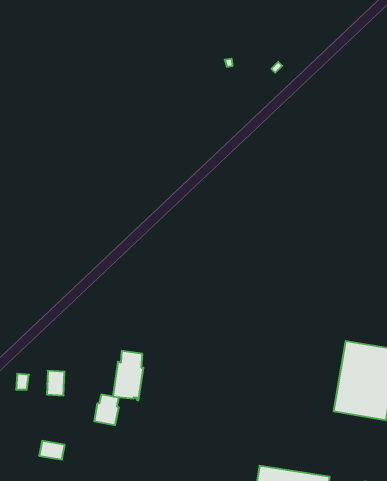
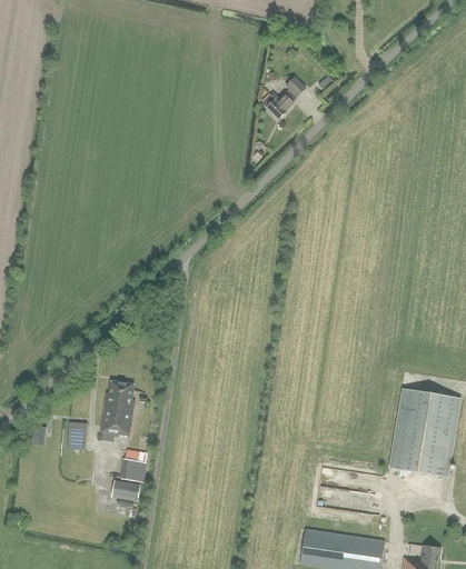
building: none -> [262,79,305,120]
building: [113,351,143,400] -> [100,381,135,437]
building: [39,441,65,460] -> [111,480,140,501]

